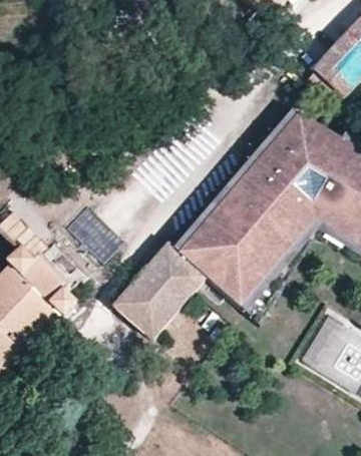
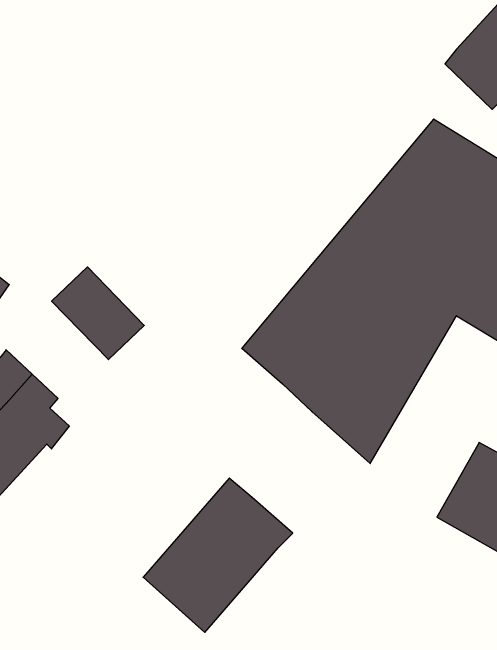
building: [111,240,204,335] -> [143,478,293,632]

